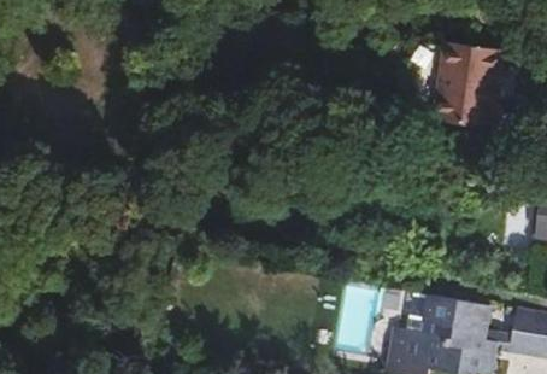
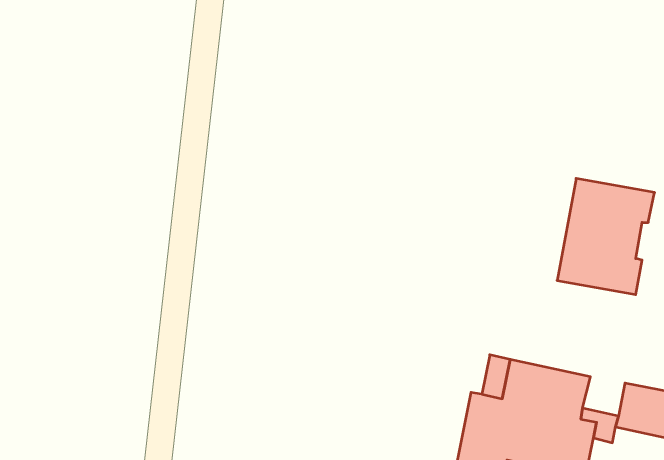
building: [434,43,508,133] -> [557,178,655,295]

